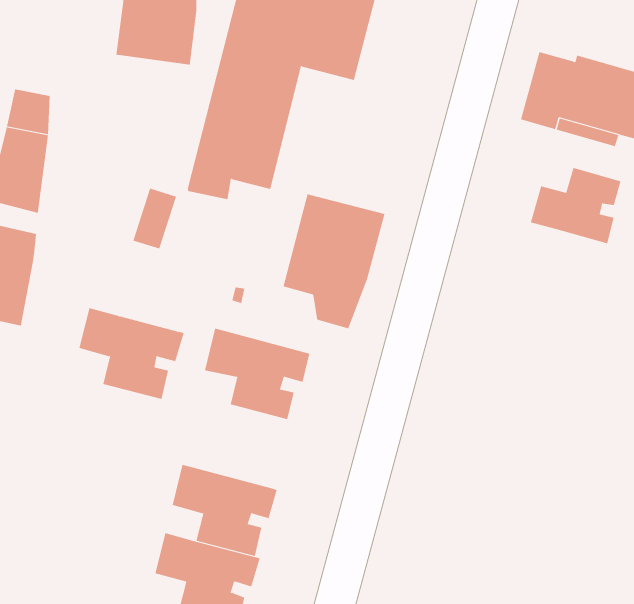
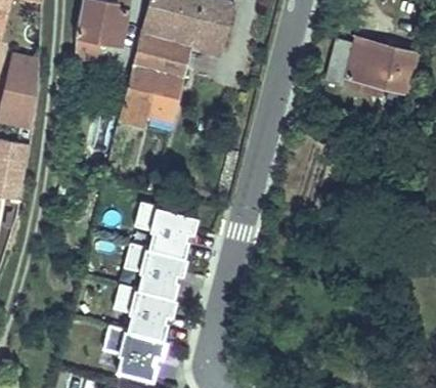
building: [530,167,621,244] -> none
building: [283,193,385,329] -> none
building: [78,307,184,399] -> [123,244,186,299]

